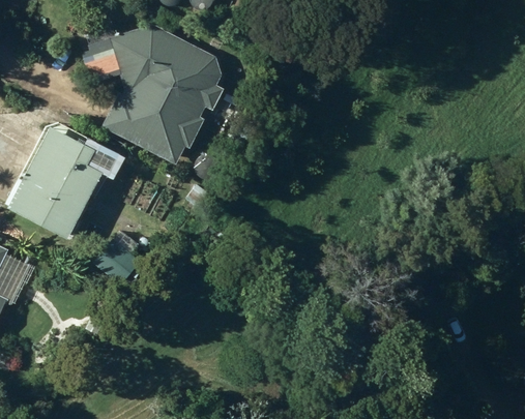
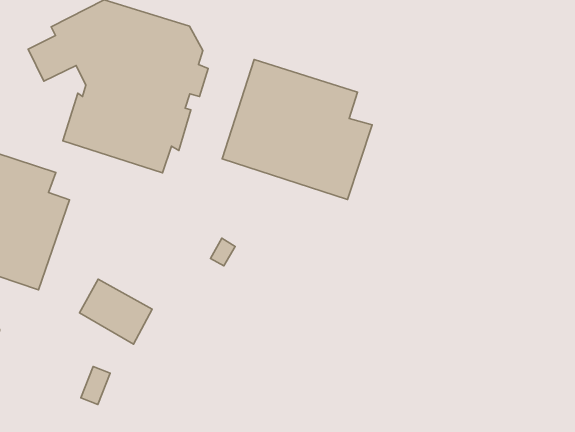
building: none -> [222,59,372,199]

